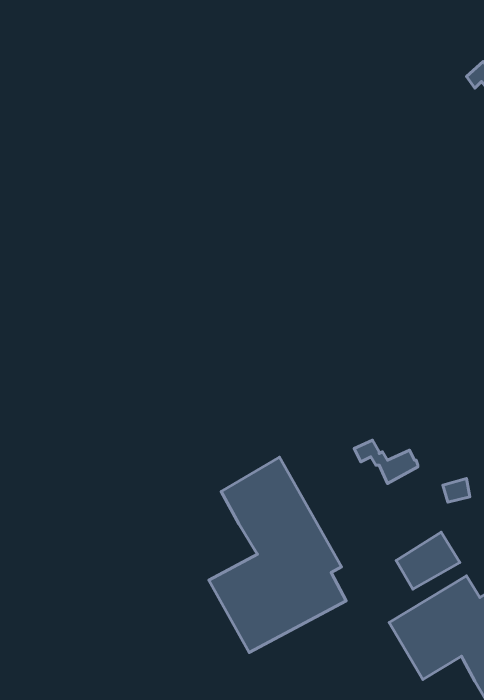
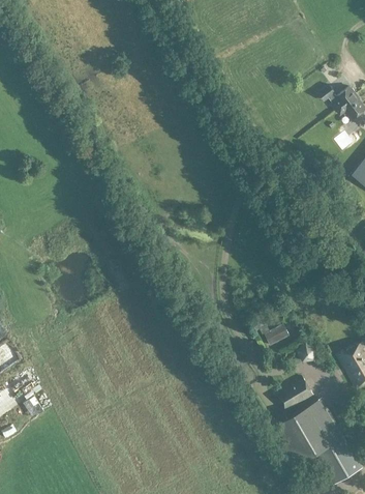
building: [209,457,346,653] -> none

